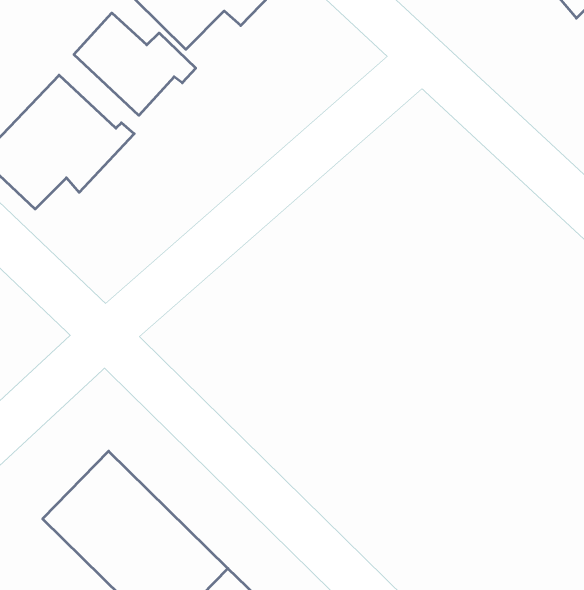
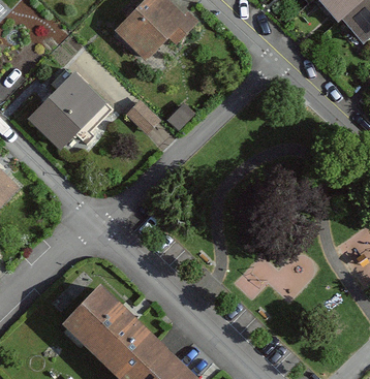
building: [74,13,196,115] -> none

